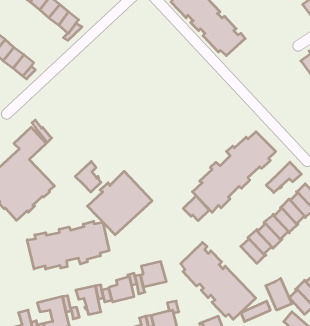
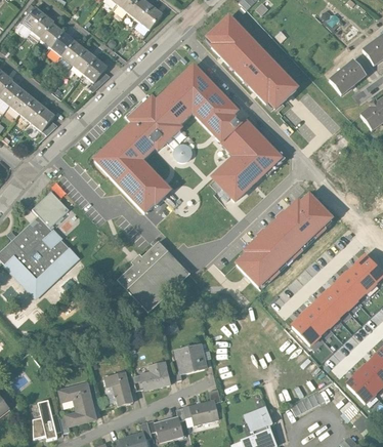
building: none -> [330,59,366,94]
building: none -> [95,66,281,211]
building: [75,161,101,192] -> none
building: [266,162,301,193] -> none
building: [183,196,209,221] -> none
building: [27,221,109,269] -> none
building: [181,242,256,319] -> none
building: [266,278,292,310] -> none

